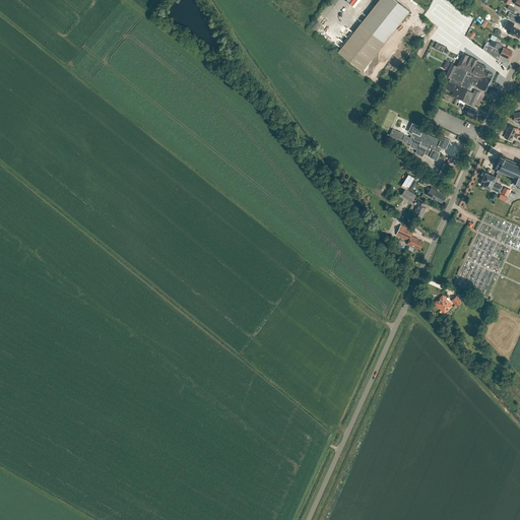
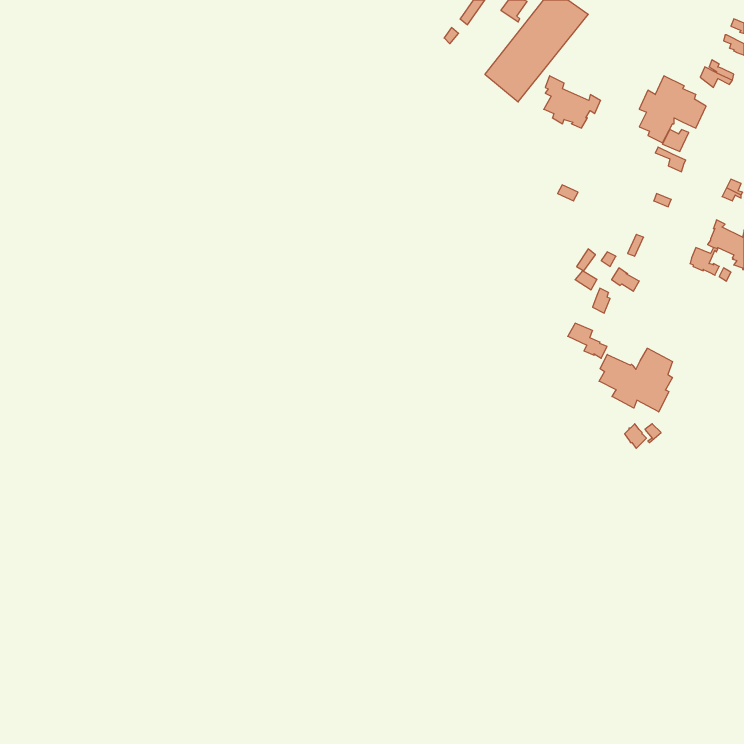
building: [409,123,449,159] -> [544,76,601,128]
building: none -> [599,348,673,412]

